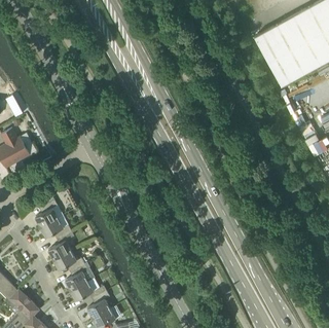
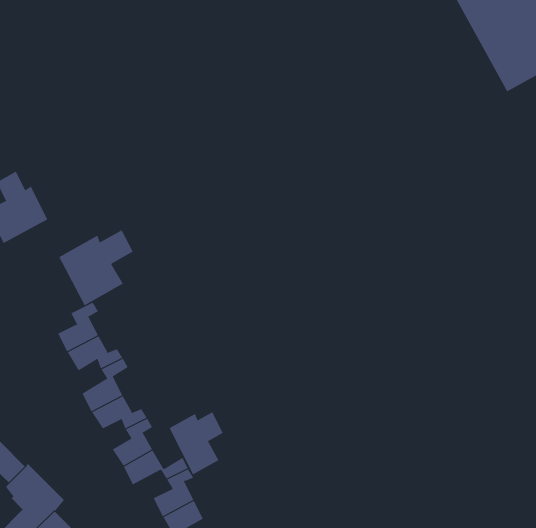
building: none -> [58,229,134,306]
building: none -> [169,411,223,475]

